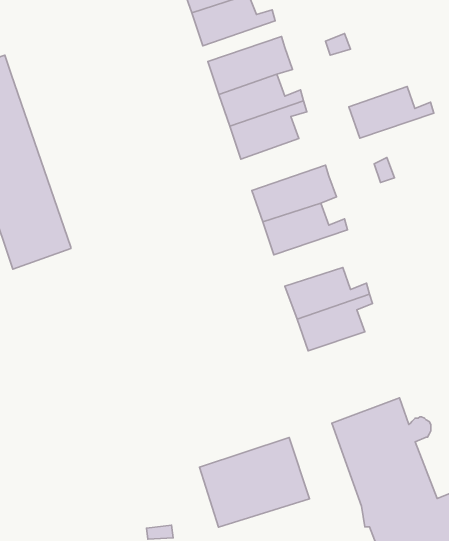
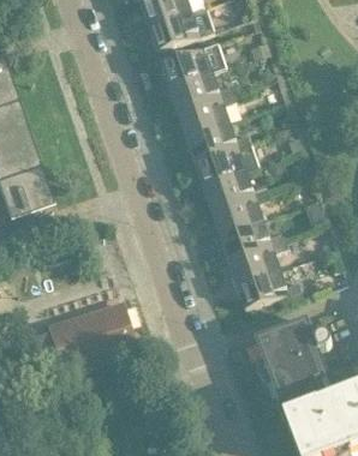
building: [349,86,434,138] -> [185,118,250,157]
building: none -> [210,187,269,230]
building: none -> [237,265,300,305]
building: [200,437,309,527] -> [52,299,136,367]

